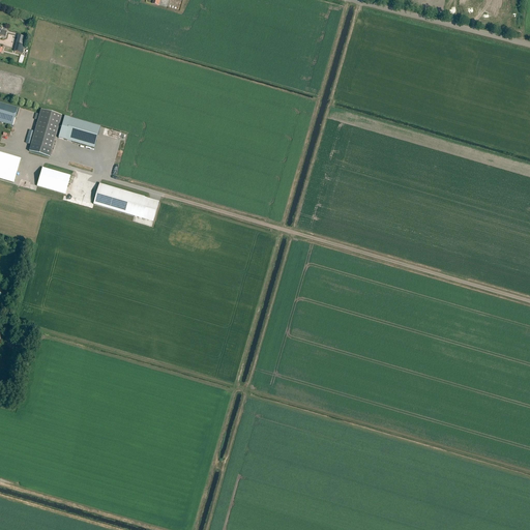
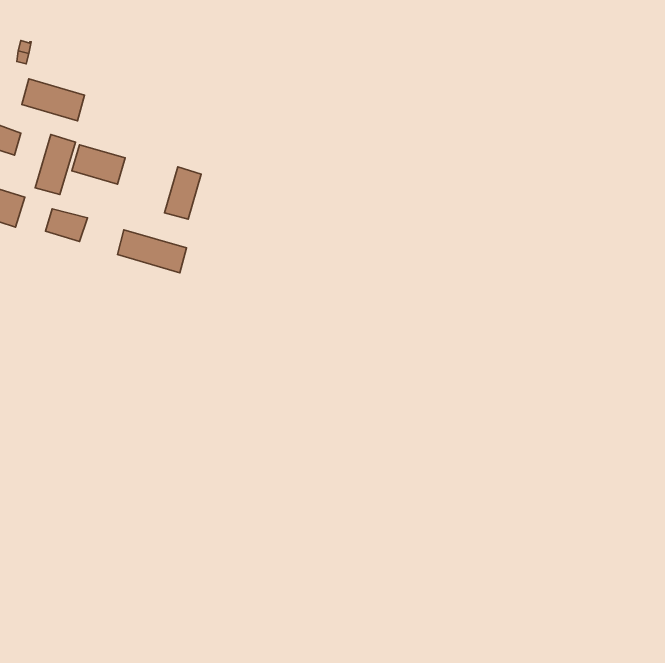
building: none -> [22,79,85,121]
building: none -> [164,167,201,219]

